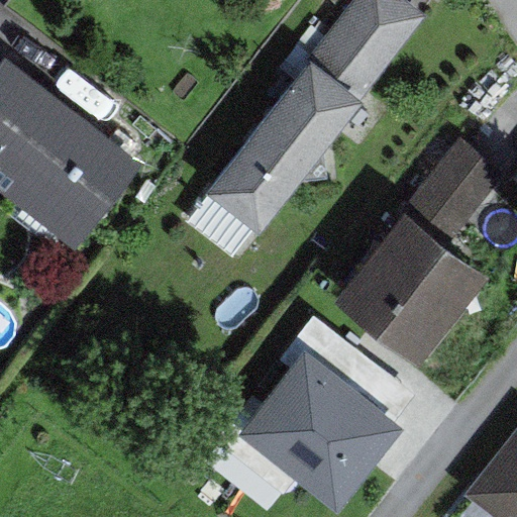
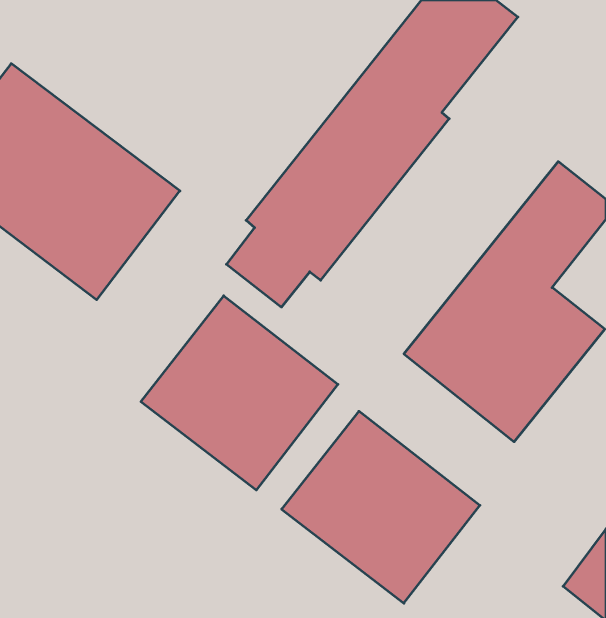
building: none -> [141,296,338,490]

